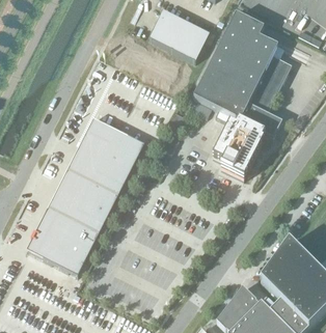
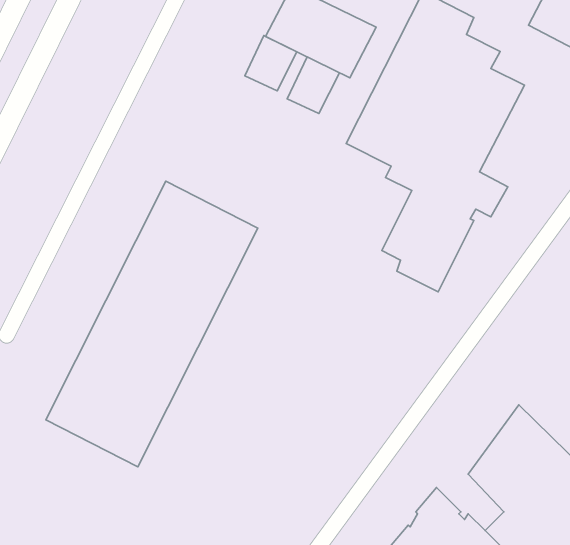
building: none -> [245,36,297,91]
building: none -> [287,57,340,114]

